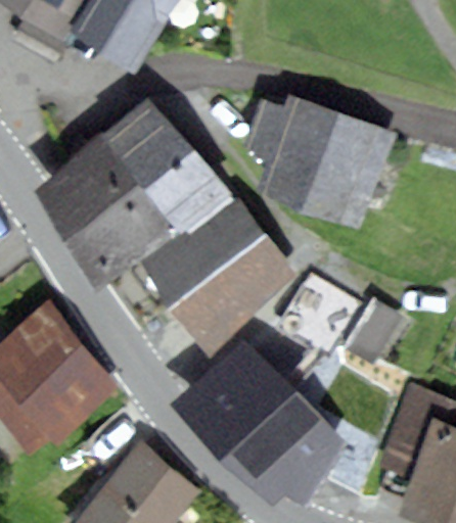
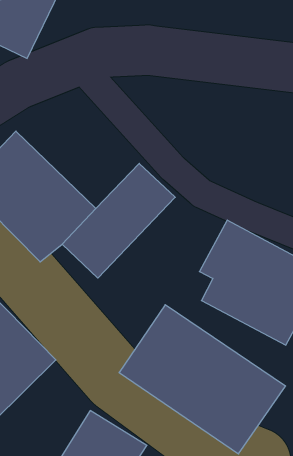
building: [102,99,227,233] -> none
building: [254,99,393,220] -> none
building: [167,233,297,353] -> none

